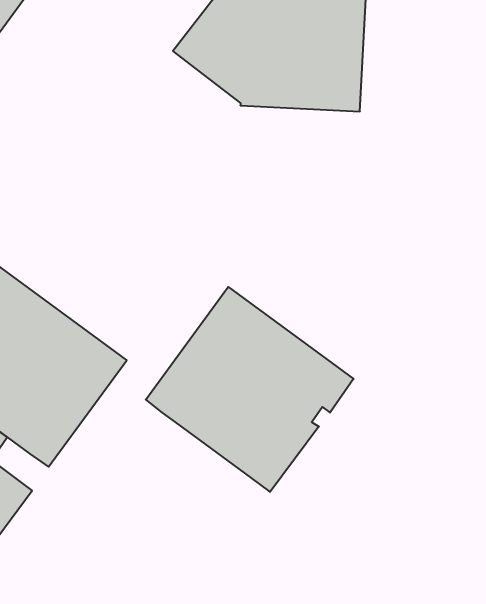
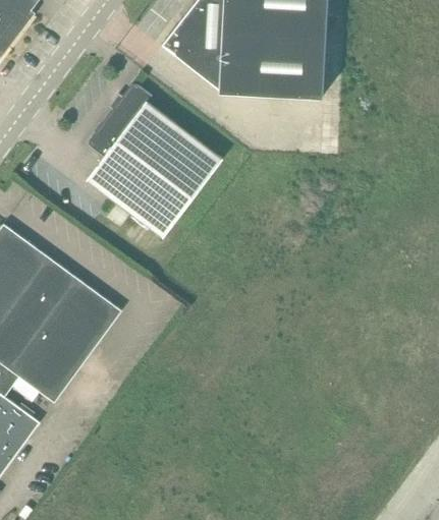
building: none -> [87,84,222,238]
building: [146,287,354,492] -> none

